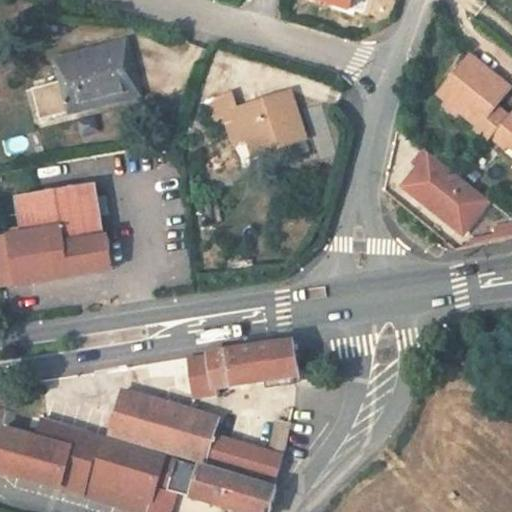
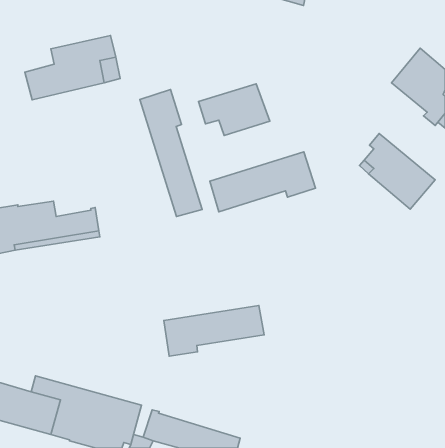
building: none -> [140,90,202,217]
building: none -> [210,152,315,212]
building: [14,181,102,243] -> none
building: [105,391,283,487] -> none

